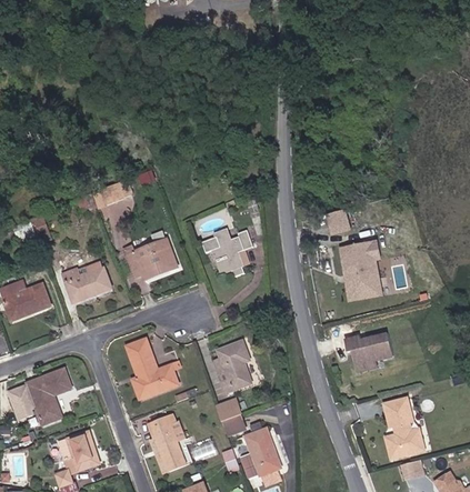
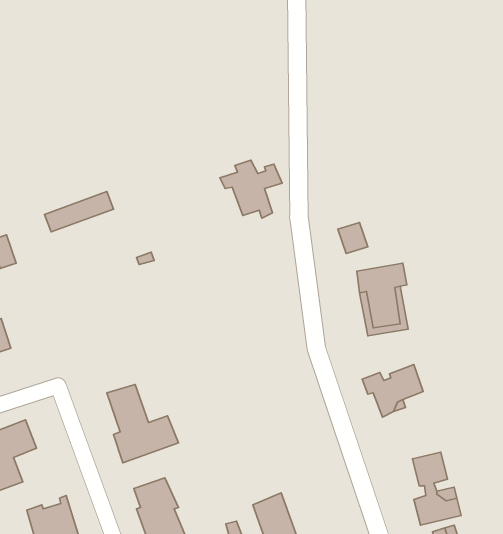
building: [203,229,254,277] -> [220,160,282,218]
building: [123,238,184,282] -> none
building: [57,259,108,303] -> none
building: [216,340,256,394] -> none
building: [219,399,250,438] -> none

